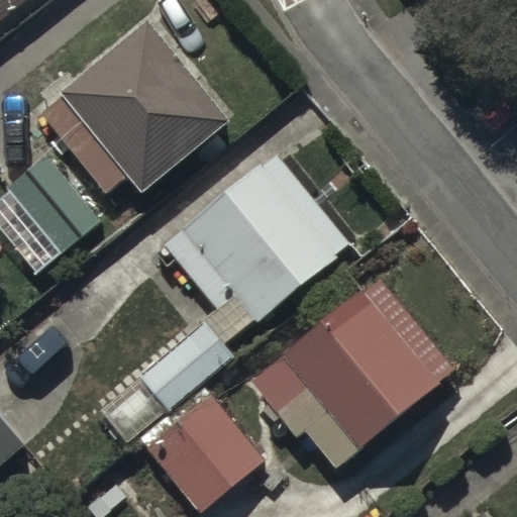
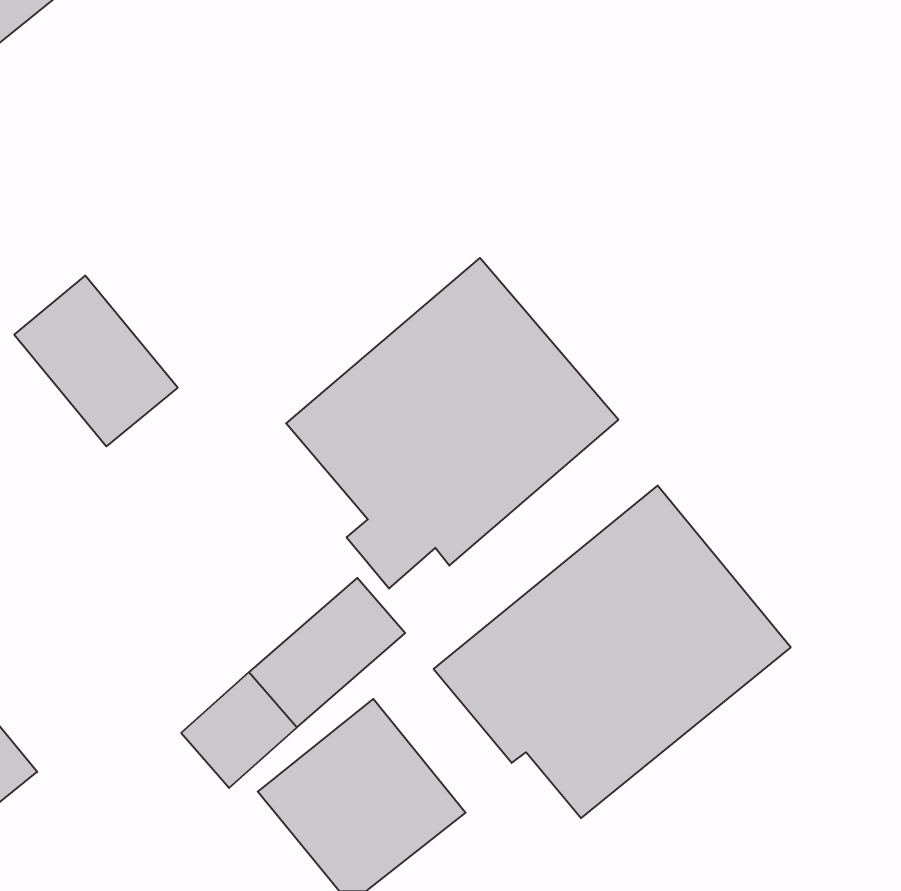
building: [39,28,230,203] -> none

